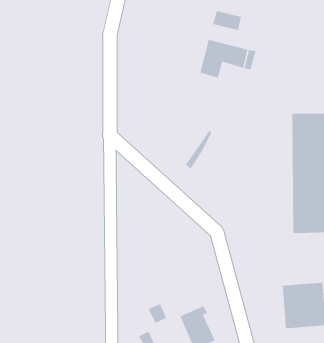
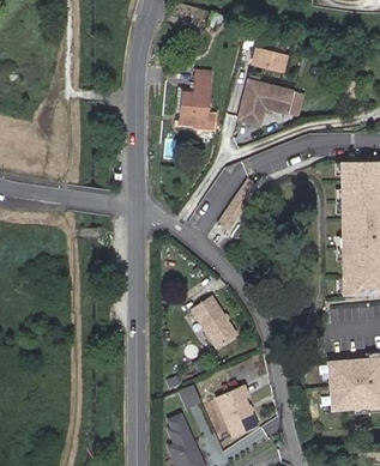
building: none -> [179,72,213,129]
building: none -> [191,296,236,347]

